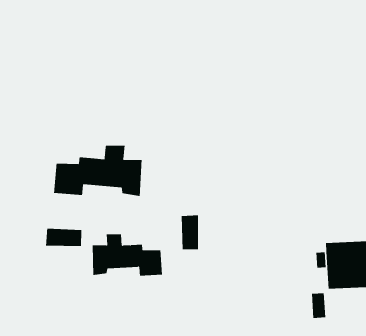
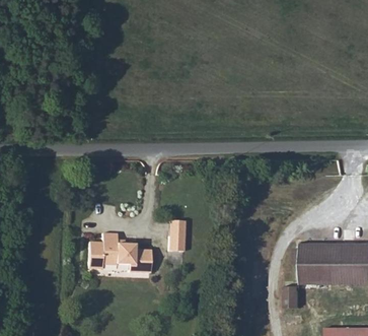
building: [53,145,142,197] -> none
building: [45,228,82,247] -> none

